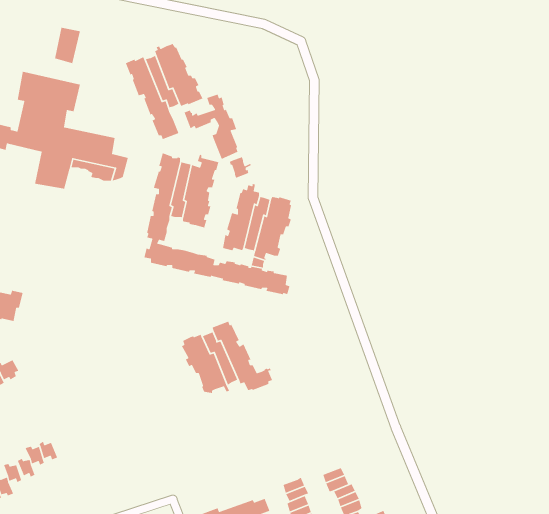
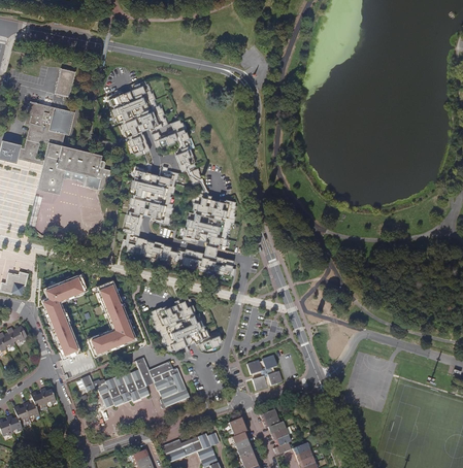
building: none -> [40,274,87,360]
building: none -> [87,279,135,355]
building: none -> [247,355,283,390]
building: none -> [77,357,189,408]

